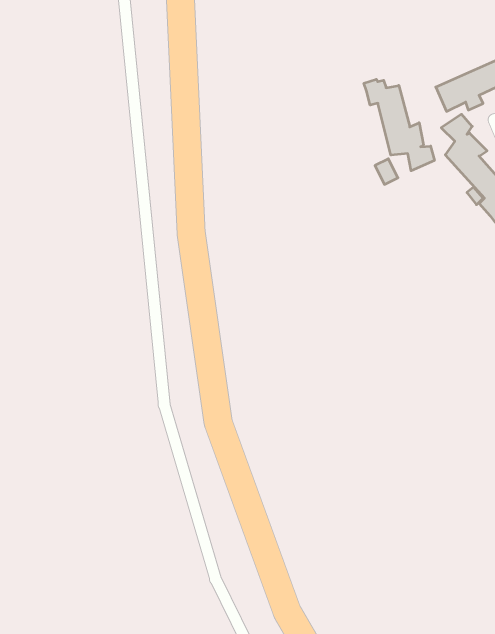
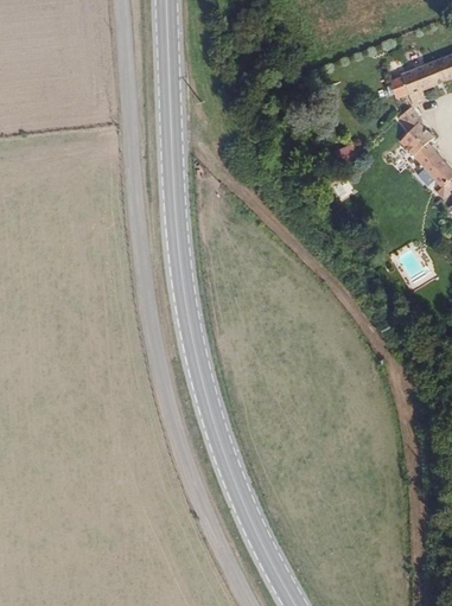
building: [364,79,434,171] -> none

